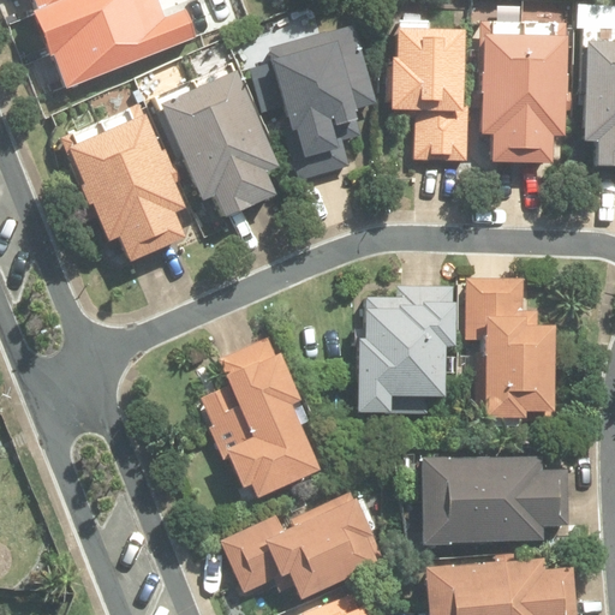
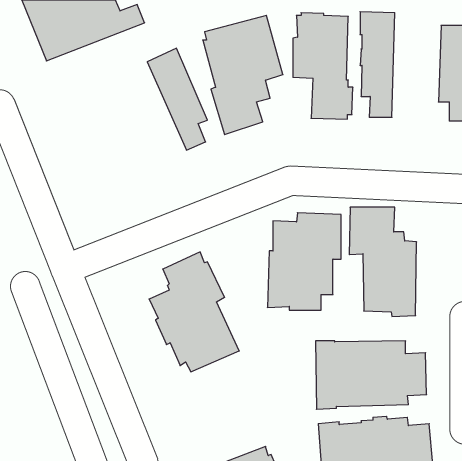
building: [521,22,571,161] -> none
building: [160,86,250,214] -> none
building: [60,103,185,261] -> none
building: [220,492,384,598] -> none

